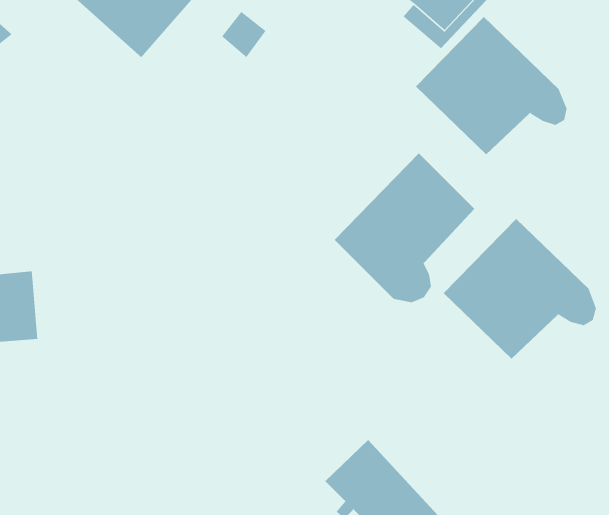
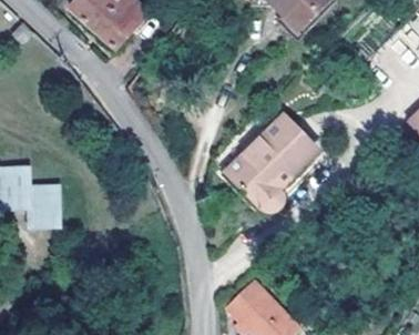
building: [415,16,568,155] -> none
building: [443,218,597,360] -> none

